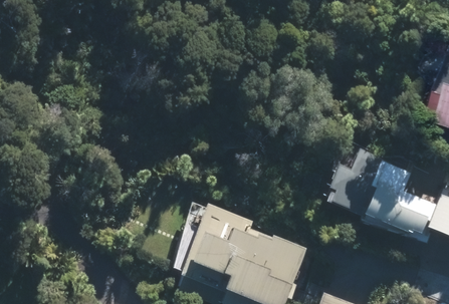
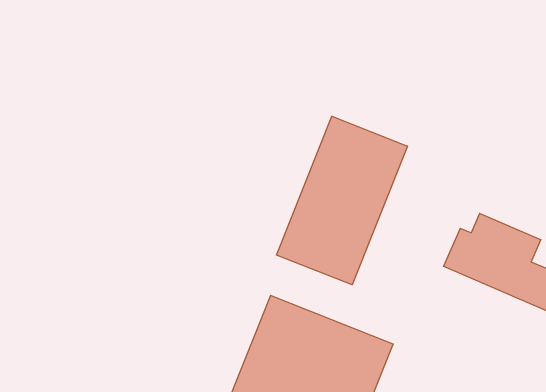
building: none -> [276,116,407,285]

